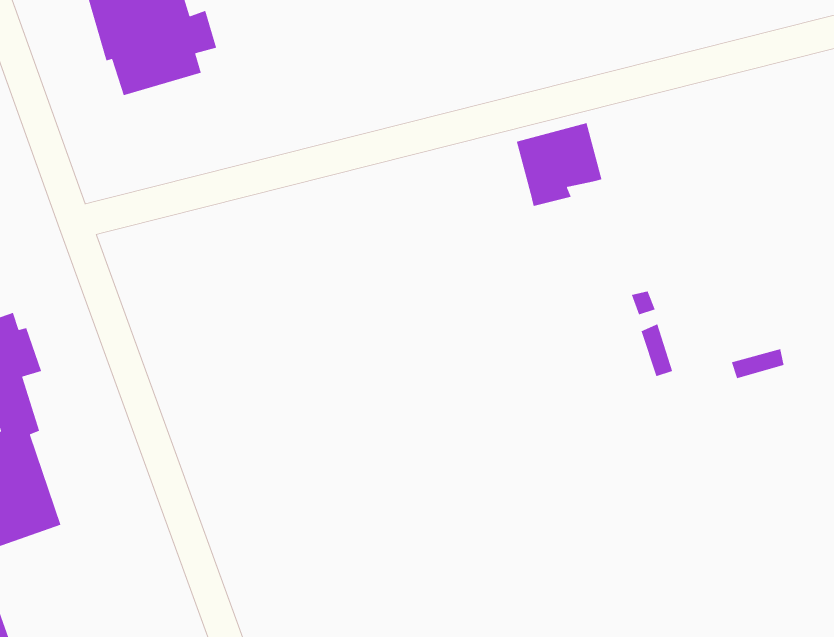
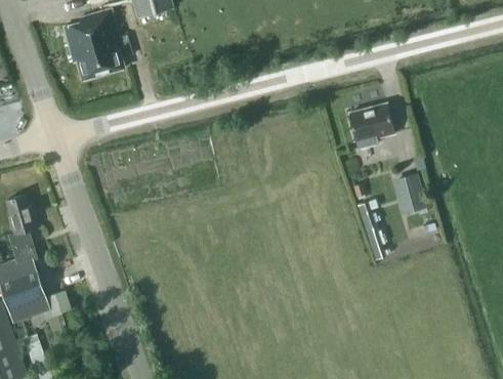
building: [516,122,602,207] -> [348,102,394,148]
building: none -> [392,172,427,213]

